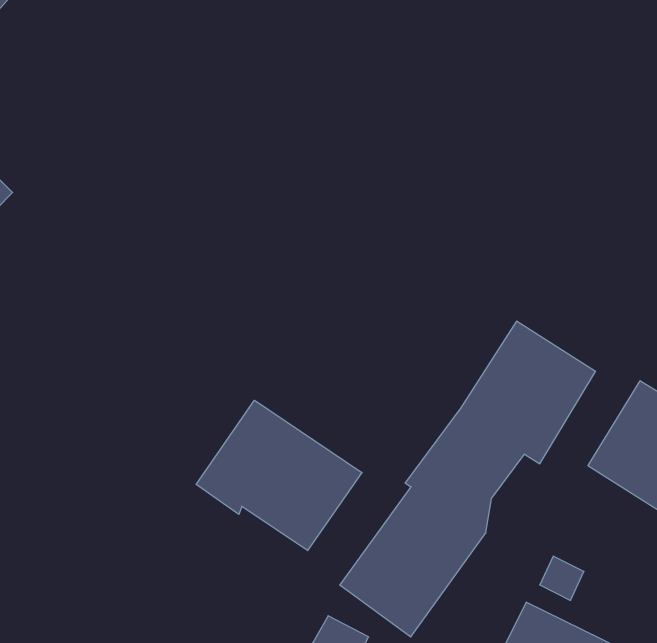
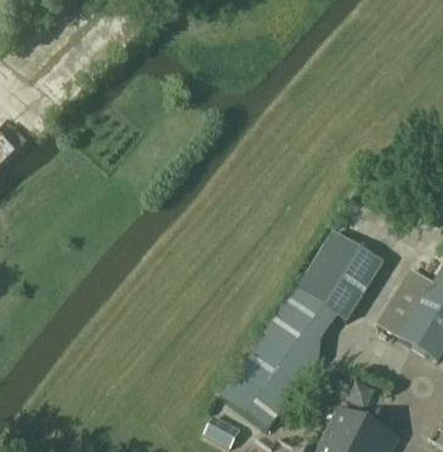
building: [196,400,362,551] -> none

